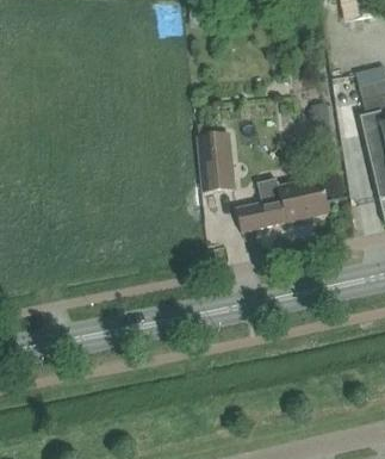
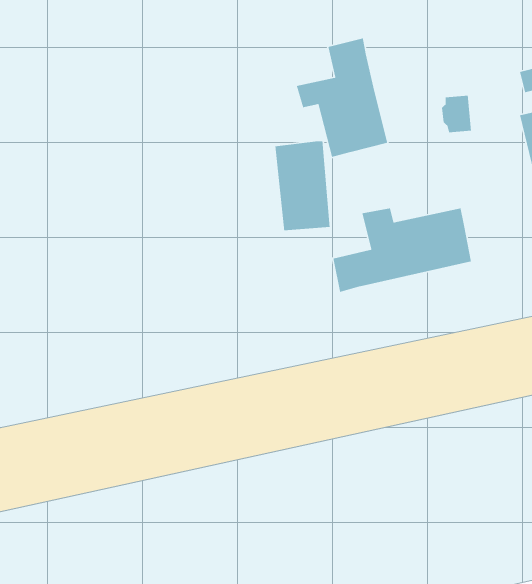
building: none -> [296,38,388,158]

